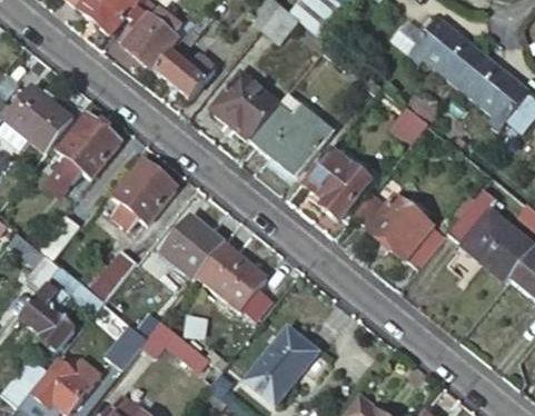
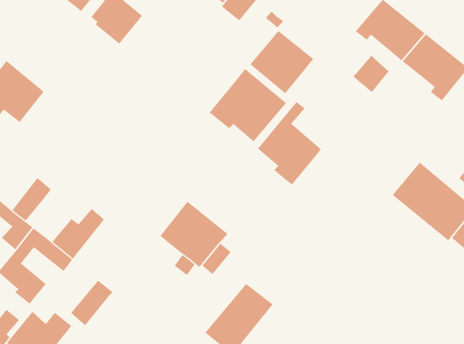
building: [156,29,216,99] -> none
building: [210,73,280,142] -> [250,30,314,94]
building: [56,112,120,182] -> none
building: [110,158,176,227] -> none
building: [353,190,447,268] -> none
building: [162,211,226,276] -> none
building: [142,318,208,369] -> none

